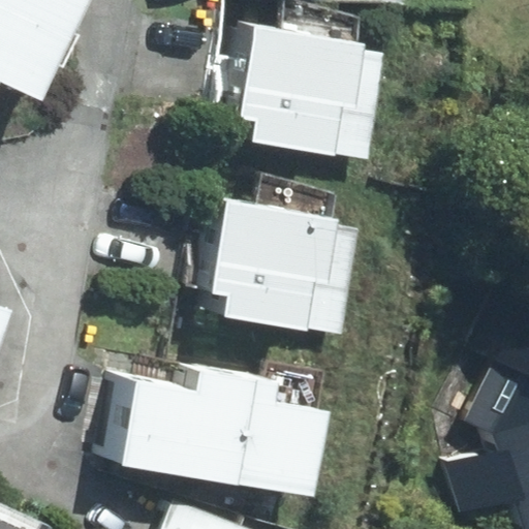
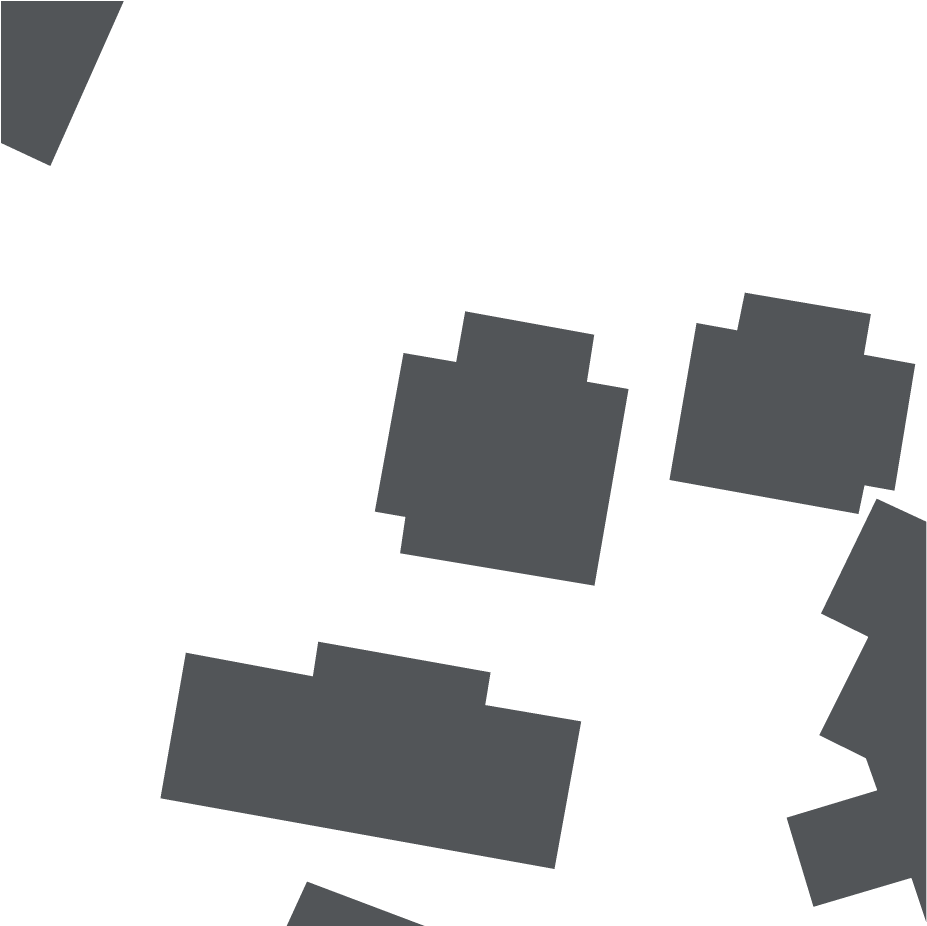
building: [228,5,384,160] -> none
building: none -> [668,292,916,515]

